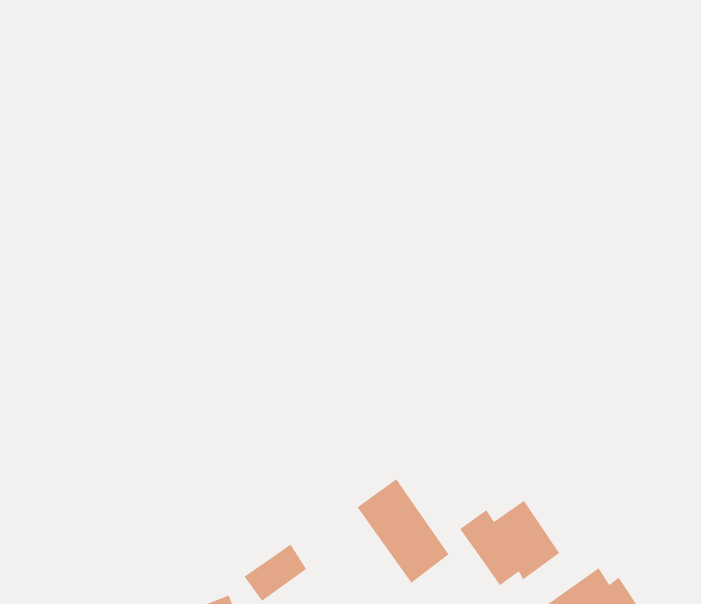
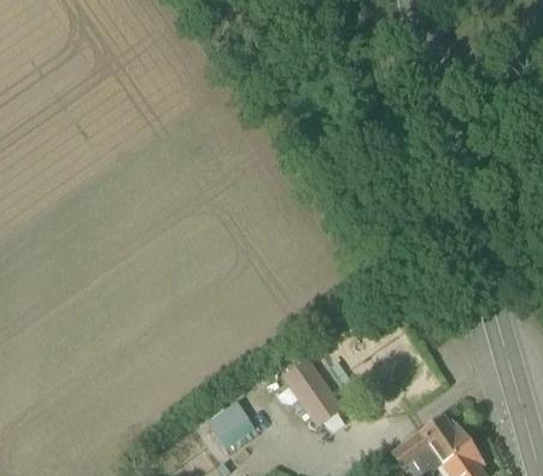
building: [459,500,560,586] -> none

